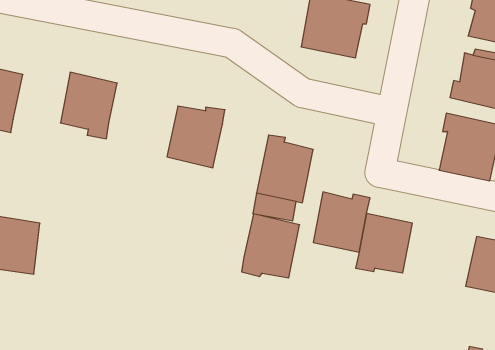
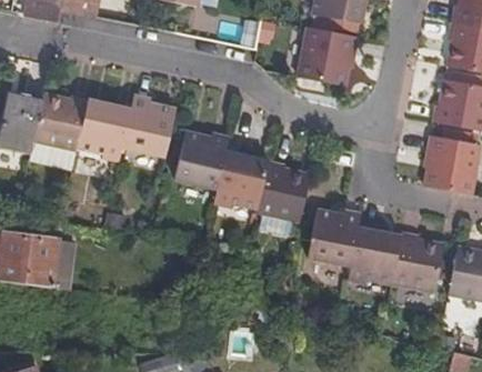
building: none -> [32,93,84,151]
building: none -> [120,94,173,155]
building: [242,214,300,278] -> [213,147,267,205]
building: none -> [390,233,442,292]

